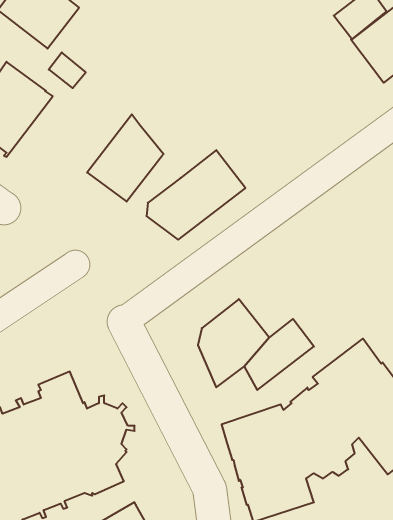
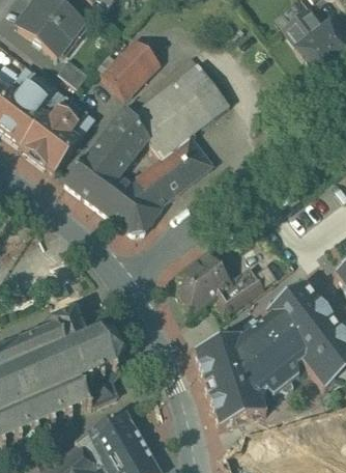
building: none -> [100,37,158,96]
building: none -> [128,62,229,156]
building: none -> [24,91,94,171]
building: none -> [62,150,162,232]

